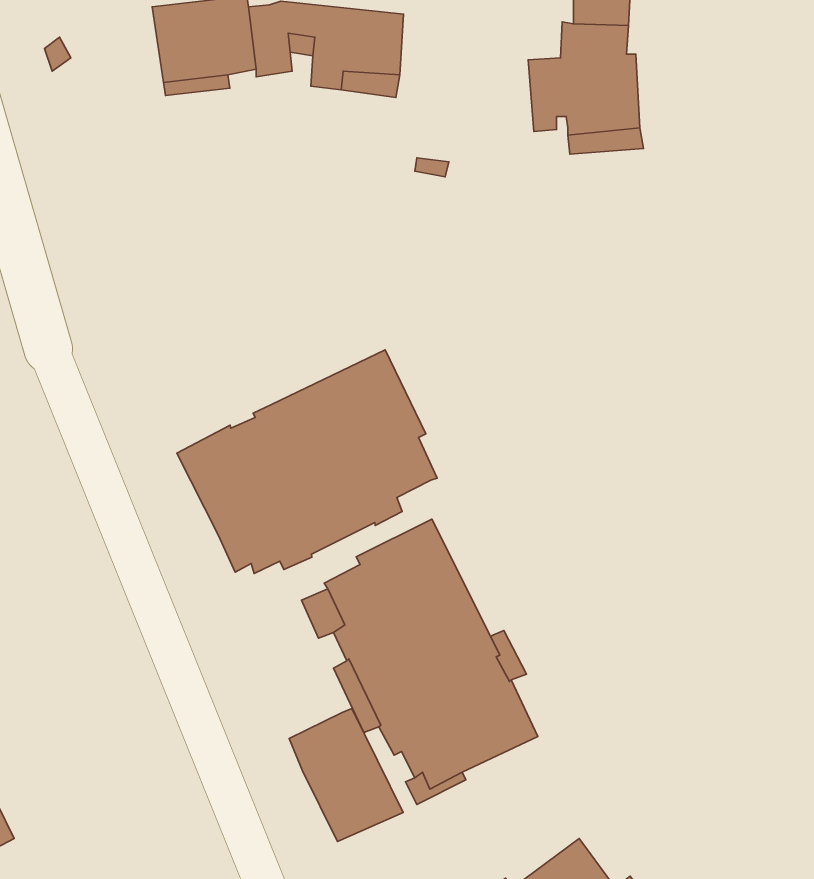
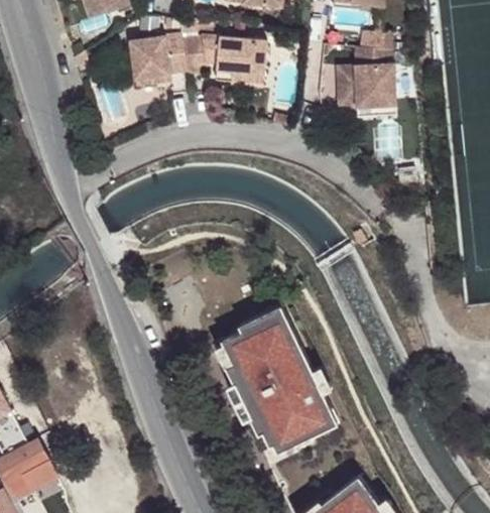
building: [177,350,437,574] -> none
building: [289,708,403,842] -> none

